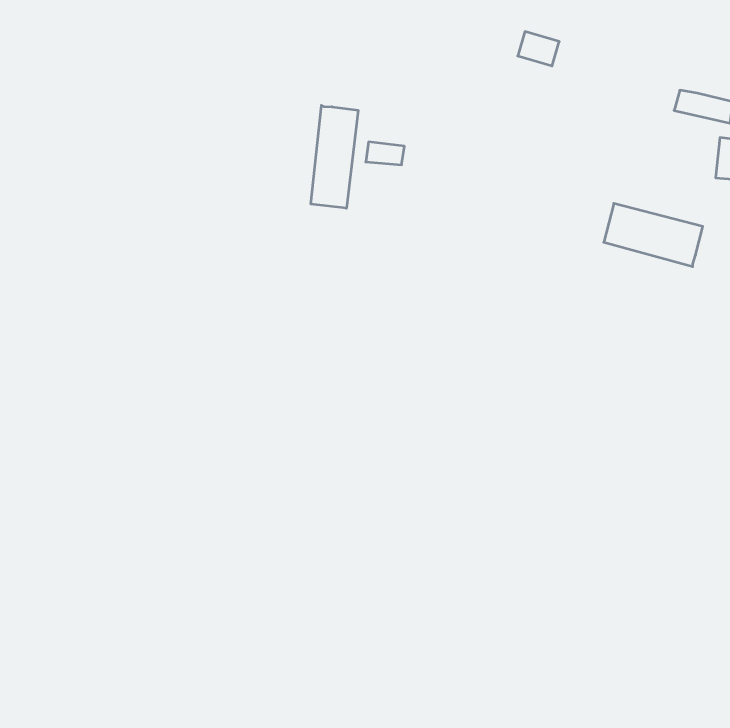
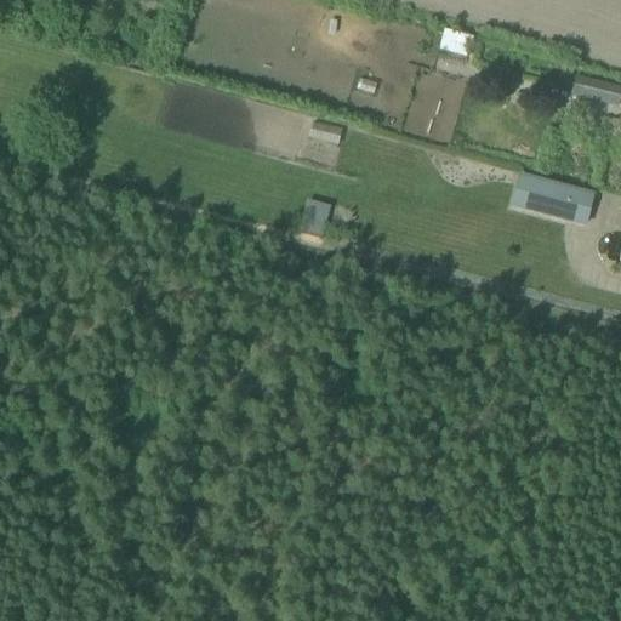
building: [311,105,358,208] -> none
building: none -> [301,200,330,237]

